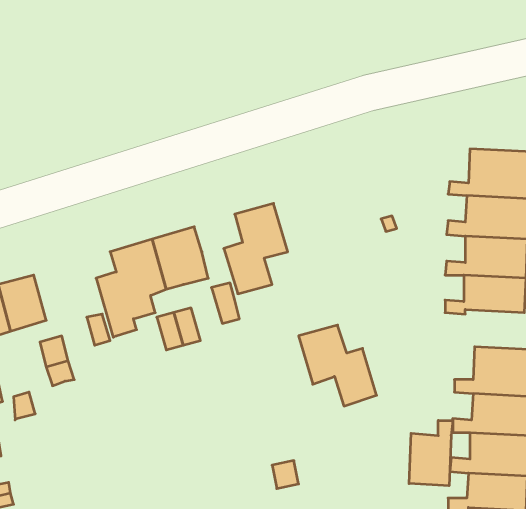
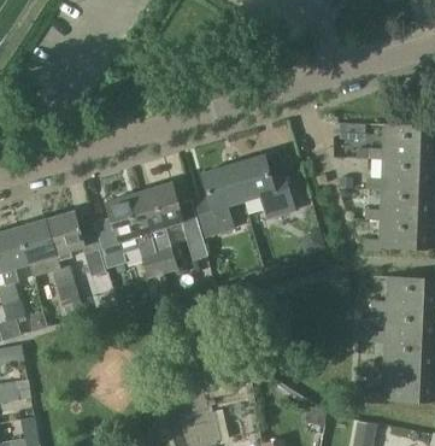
building: none -> [46,210,84,260]
building: [299,325,377,406] -> [231,155,292,218]
building: [409,420,453,486] -> none

